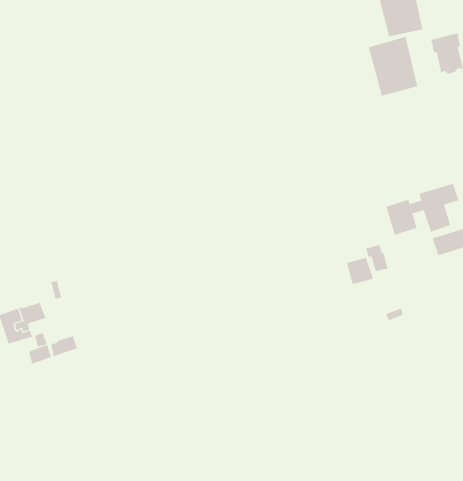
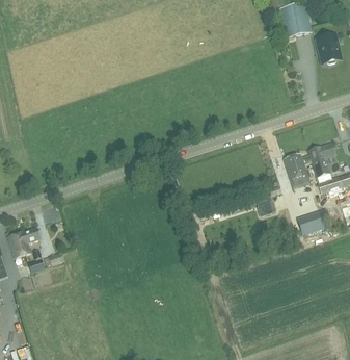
building: [368,36,418,97] -> none
building: none -> [302,210,329,233]

